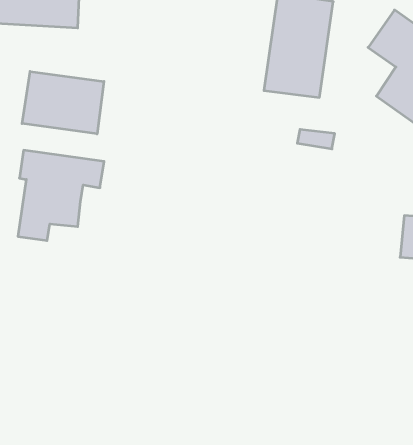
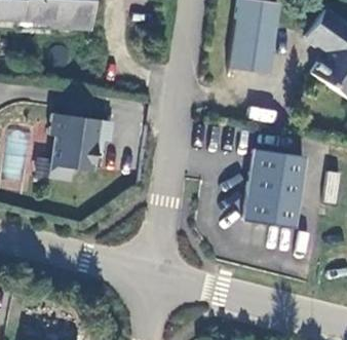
building: [22,71,104,134] -> none
building: none -> [245,149,307,227]

